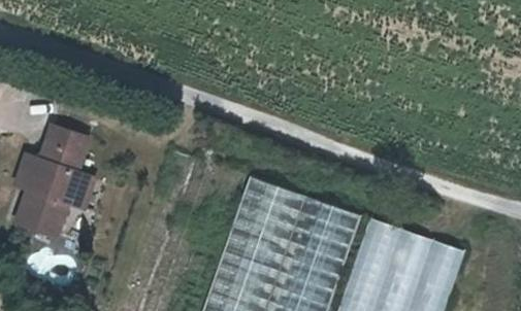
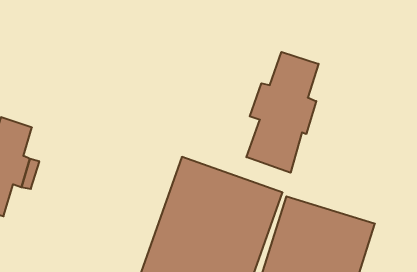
building: none -> [246,52,319,173]

